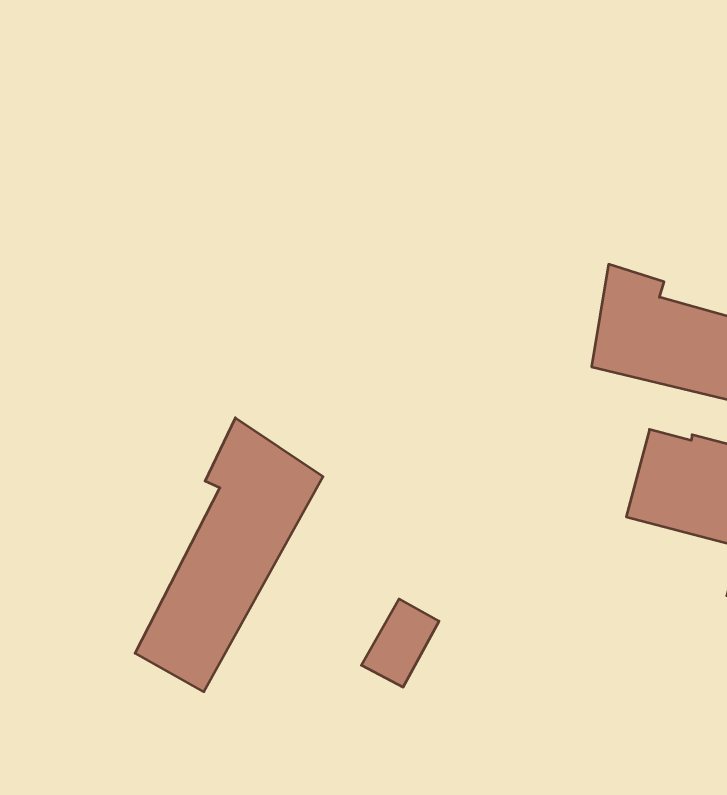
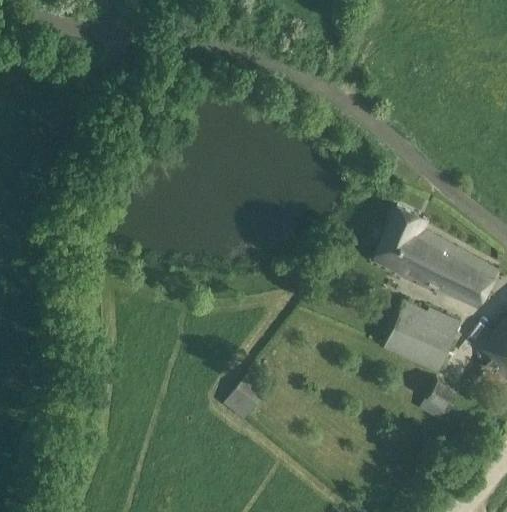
building: [135,418,323,692] -> none

